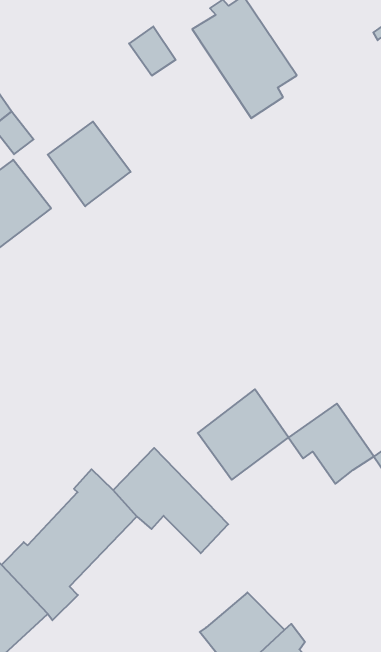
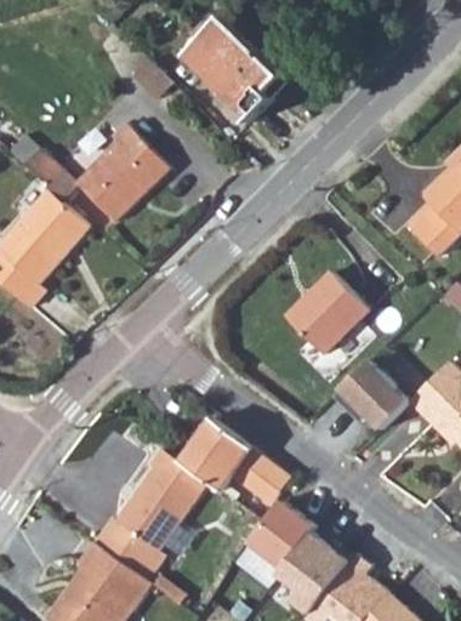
building: none -> [110,124,171,187]
building: [198,389,289,480] -> [286,269,365,351]
building: none -> [251,497,320,568]

